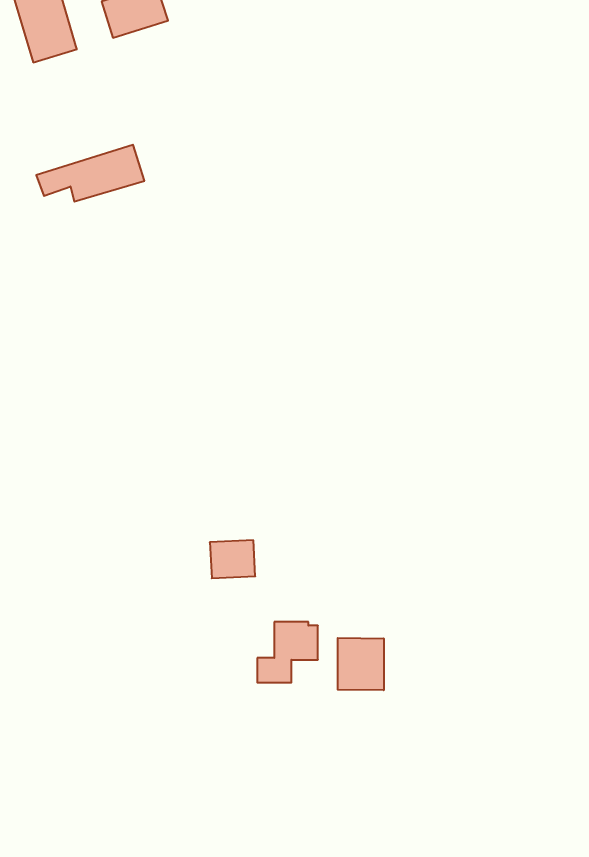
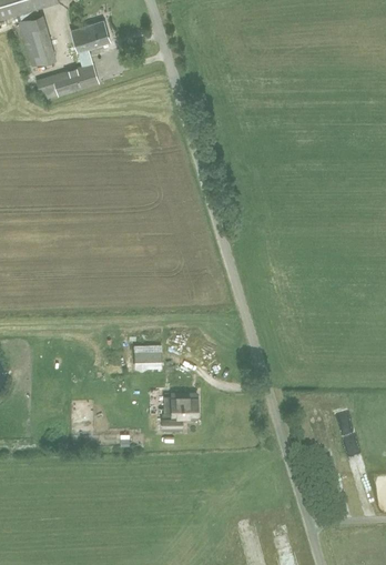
building: [36,145,144,202] -> [35,62,99,95]
building: [338,638,384,690] -> none

